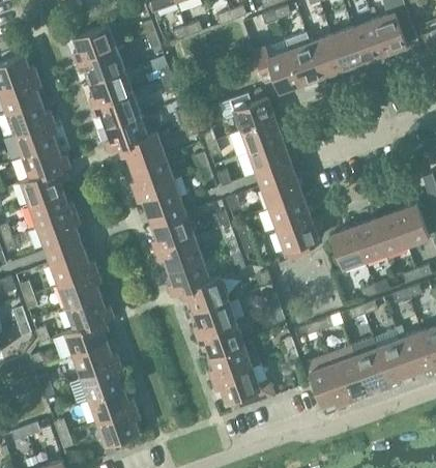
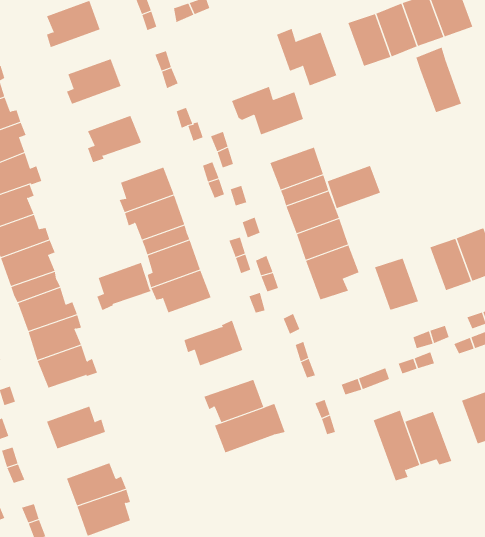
building: [285,33,321,85] -> [416,47,462,113]
building: [76,49,123,84] -> none
building: [92,93,139,128] -> none
building: [240,119,283,153] -> [327,165,381,209]
building: [117,134,165,169] -> none
building: [352,220,385,262] -> none
building: [167,259,210,297] -> [96,262,152,311]
building: [193,300,235,337] -> none
building: [64,320,108,356] -> none
building: [376,340,410,387] -> none
building: [306,355,346,407] -> none
building: [81,364,123,401] -> none
building: [212,367,273,412] -> none

